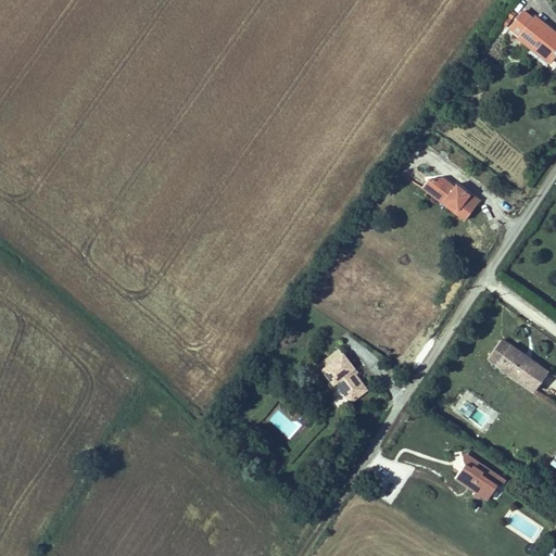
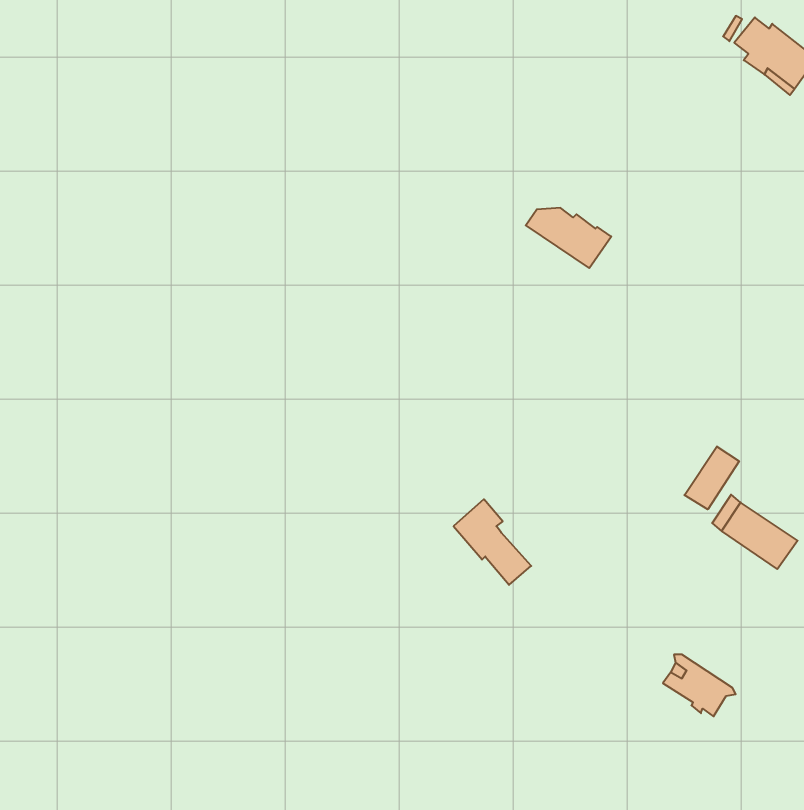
building: [421,179,480,220] -> [526,208,611,268]
building: none -> [684,446,739,509]

